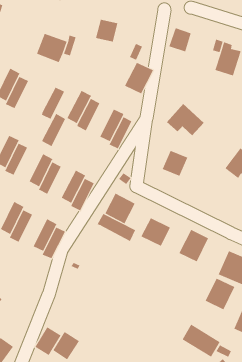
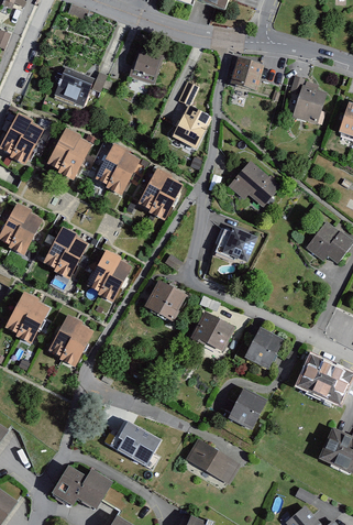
building: [41,113,66,147] -> [46,128,79,173]
building: [97,213,136,242] -> none
building: [205,278,235,310] -> [227,390,267,433]
building: none -> [108,417,159,467]
building: [182,324,221,358] -> [186,438,238,483]

